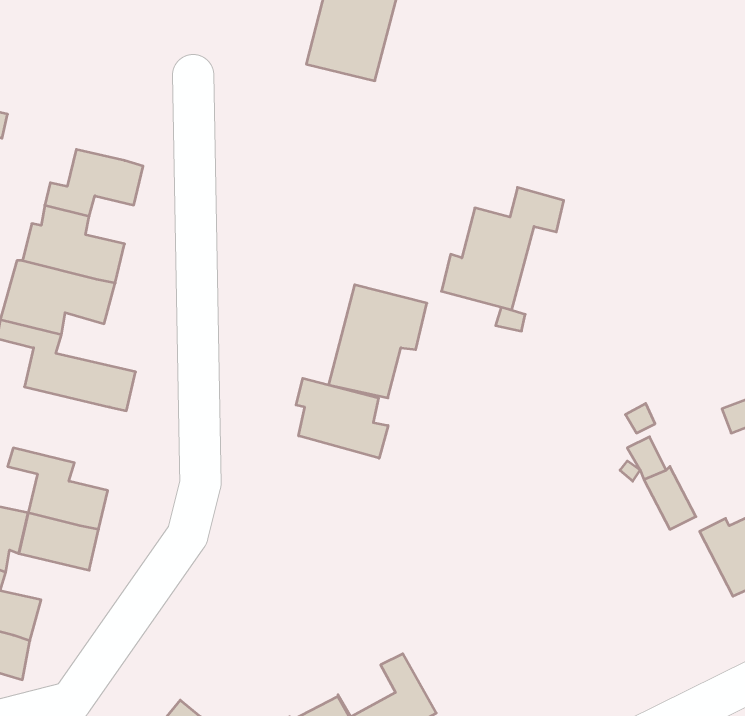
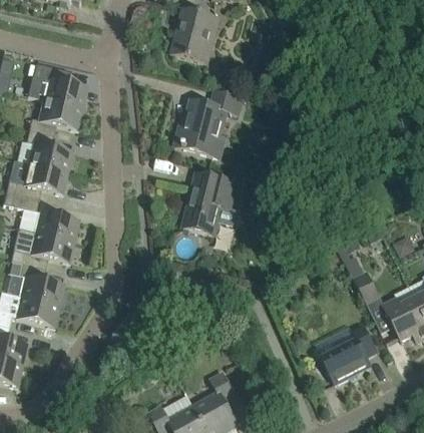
building: none -> [27,61,87,108]
building: [441,187,564,310] -> [174,89,241,155]
building: [296,378,388,458] -> none
building: none -> [10,228,73,269]
building: none -> [321,324,377,384]

